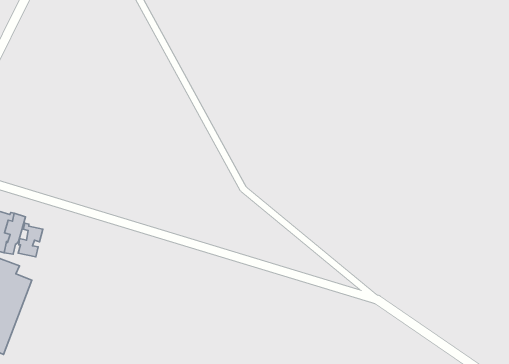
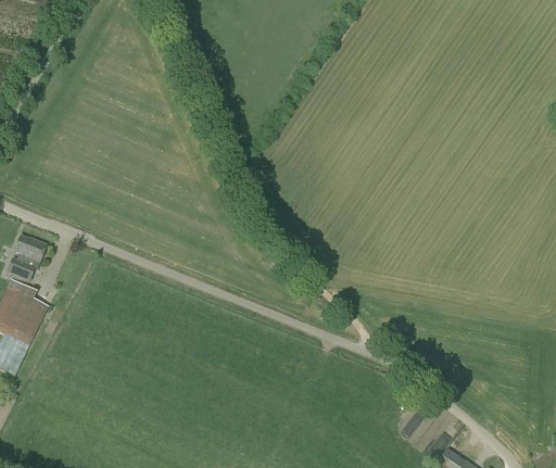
building: [18,223,43,257] -> none

